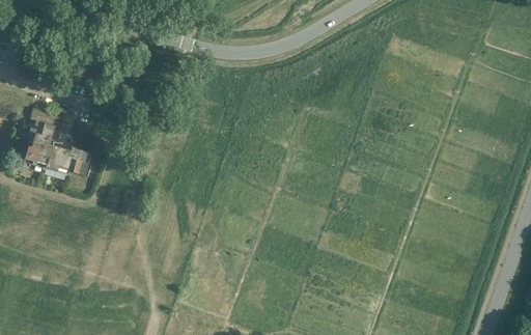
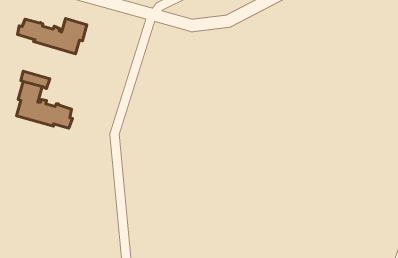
building: none -> [18,18,87,54]

